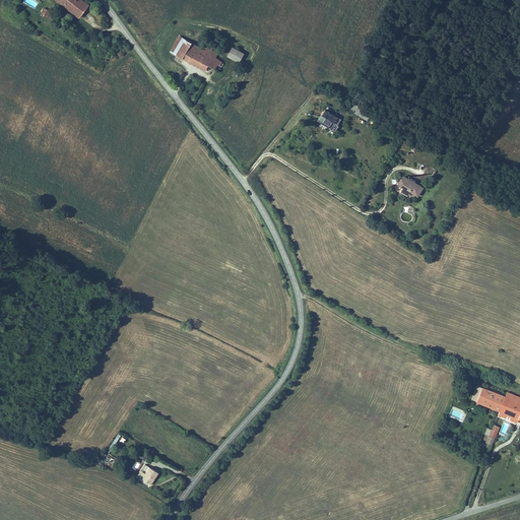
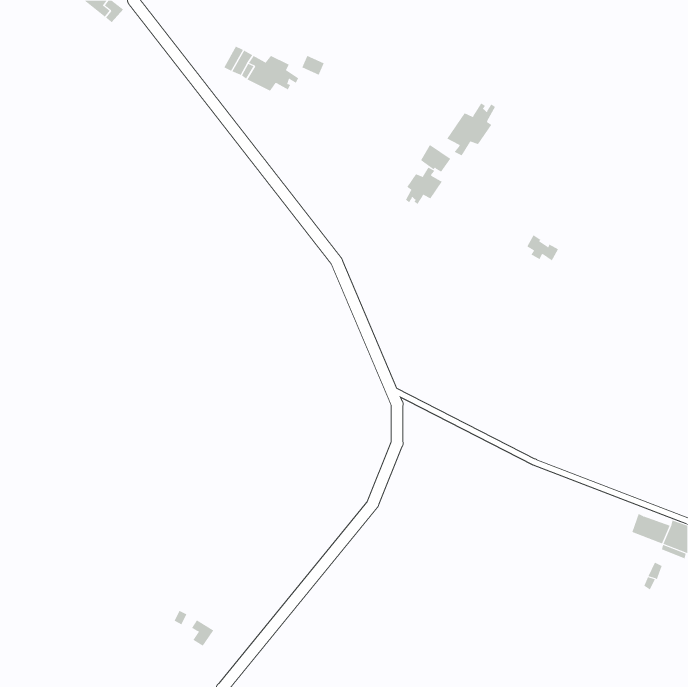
building: none -> [447,103,496,156]
building: none -> [405,167,443,205]

